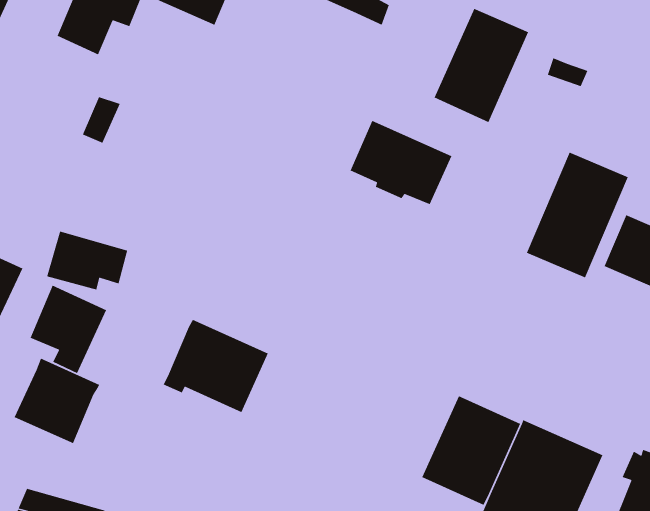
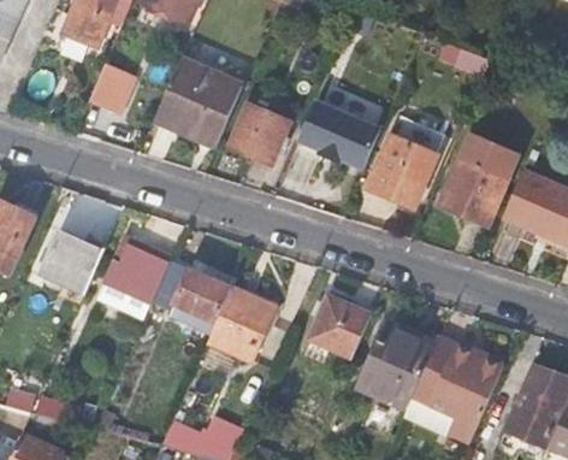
building: [434,8,529,123] -> [371,117,448,210]
building: none -> [154,55,244,149]
building: none -> [227,104,294,165]
building: none -> [209,287,276,361]
building: [14,358,100,444] -> [103,235,173,305]
building: none -> [308,296,371,360]

